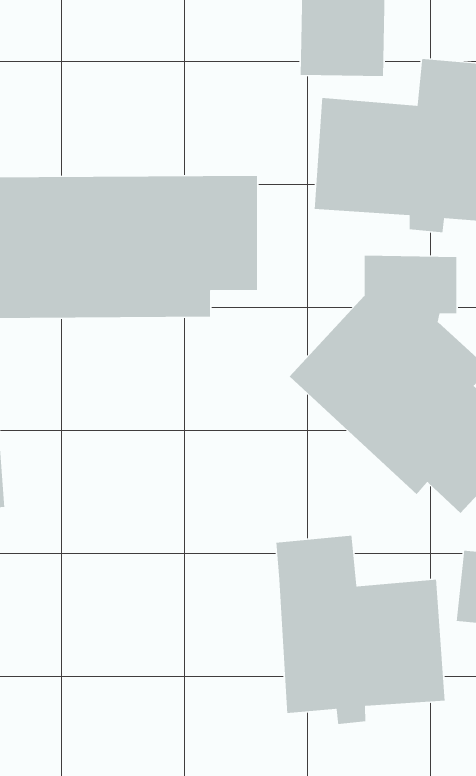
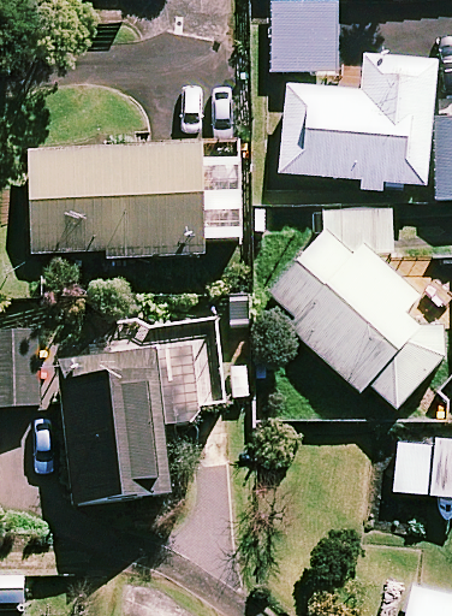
building: none -> [60,345,207,499]
building: [275,535,446,725] -> none

